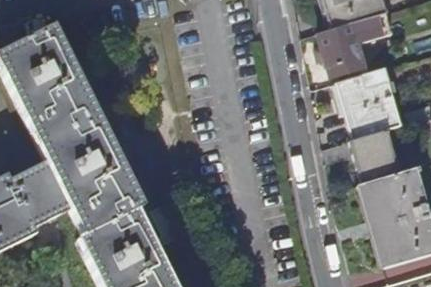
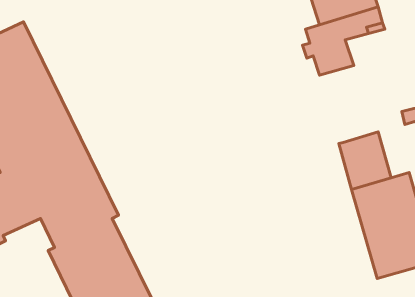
building: [339,65,406,137] -> none

